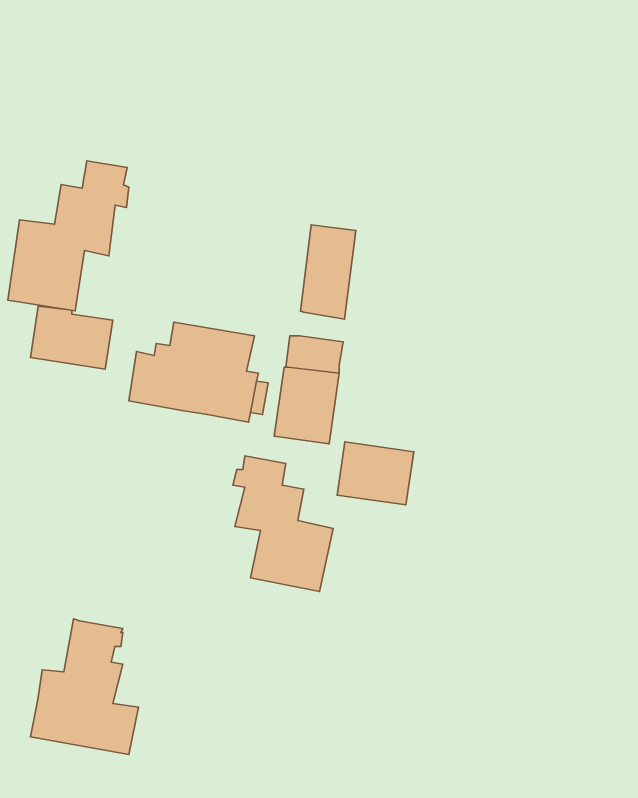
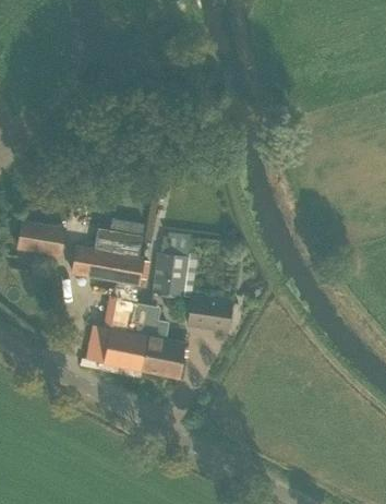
building: [8,161,129,311] -> none
building: [300,225,356,319] -> none
building: [30,619,139,755] -> [85,296,145,371]

